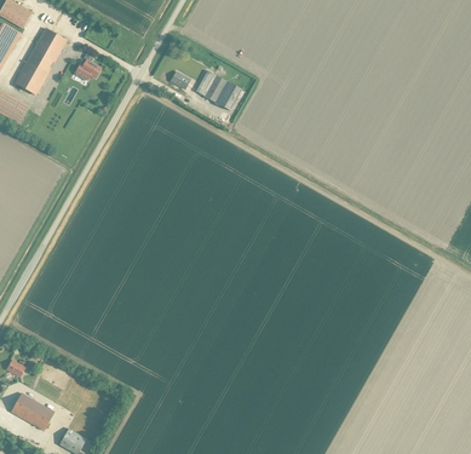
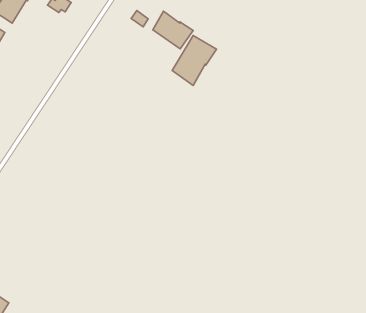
building: none -> [172,36,216,85]

